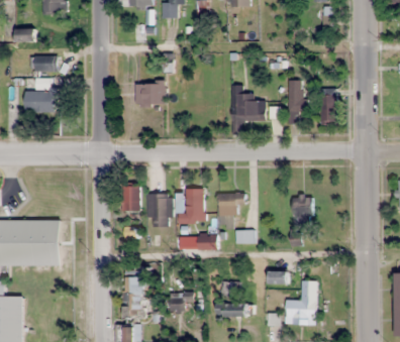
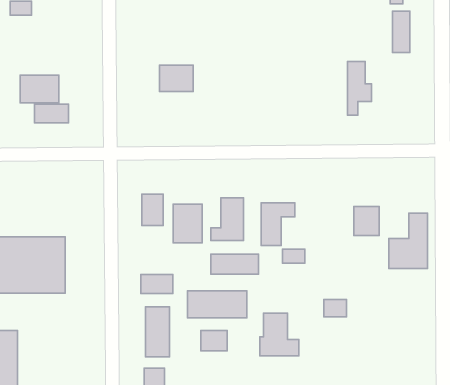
building: [30,56,58,72] -> [35,104,68,123]
building: [231,86,266,134] -> none
building: [321,90,335,123] -> [392,11,410,52]
building: none -> [141,274,173,294]
building: none -> [188,291,247,318]
building: [285,281,316,326] -> [389,213,428,268]

